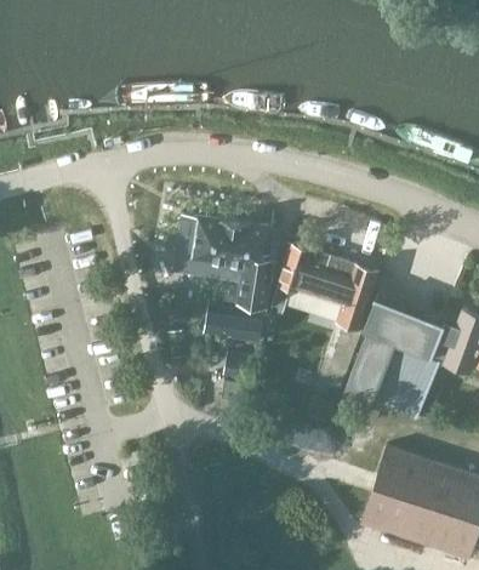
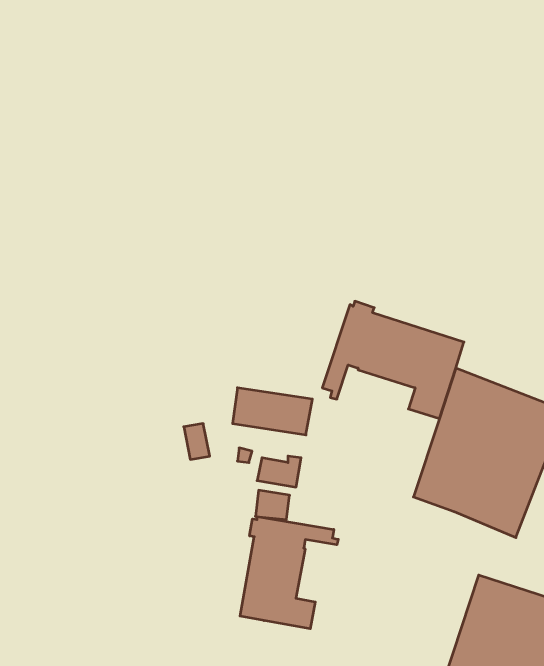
building: [175,216,275,310] -> none
building: none -> [240,517,338,629]

